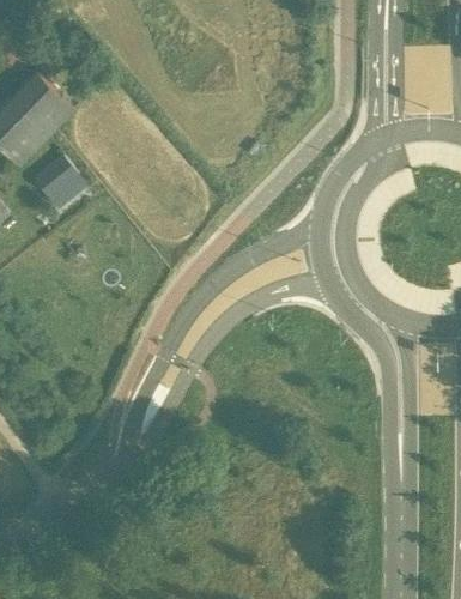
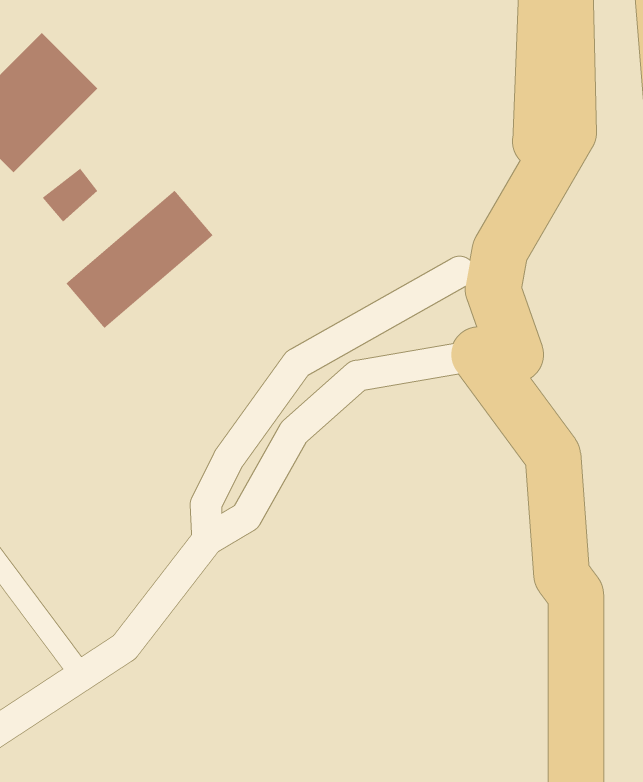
building: none -> [65,190,214,329]

